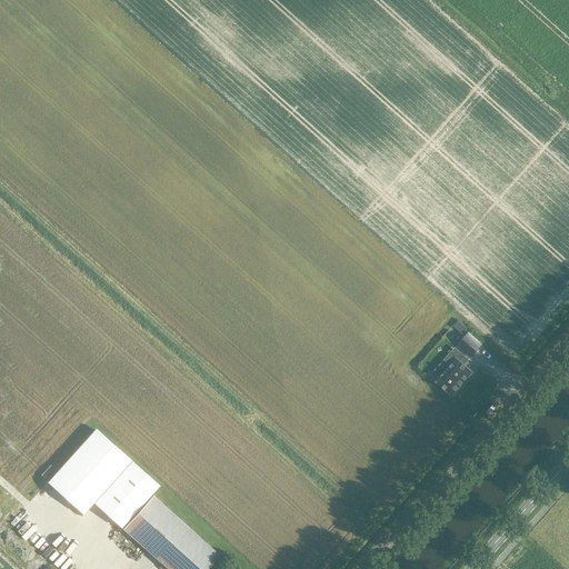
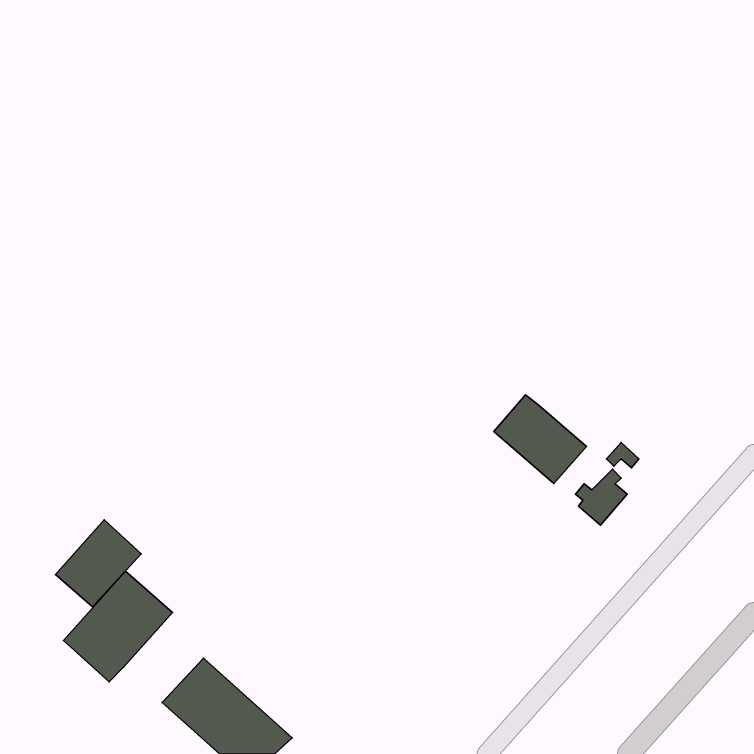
building: none -> [494,395,586,484]
building: [93,461,158,527] -> [56,520,141,607]

